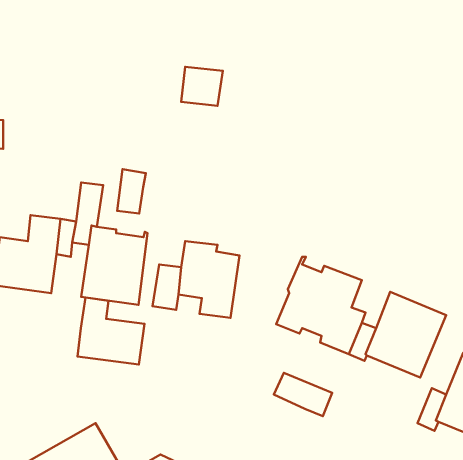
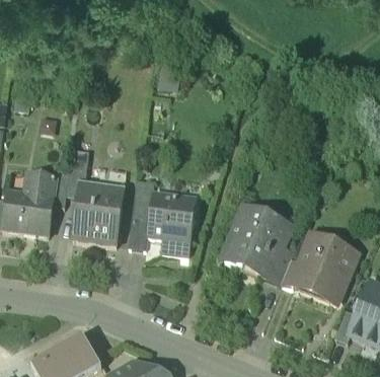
building: [117,169,146,213] -> [132,179,154,214]
building: [78,298,144,364] -> none
building: [274,373,332,416] -> none

